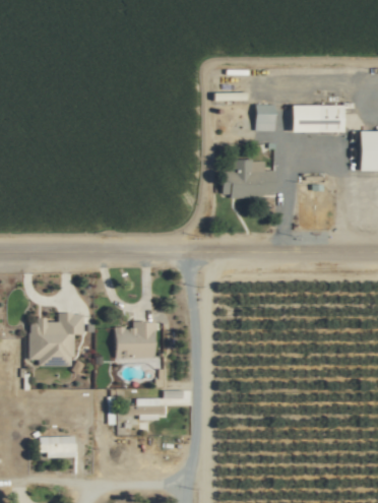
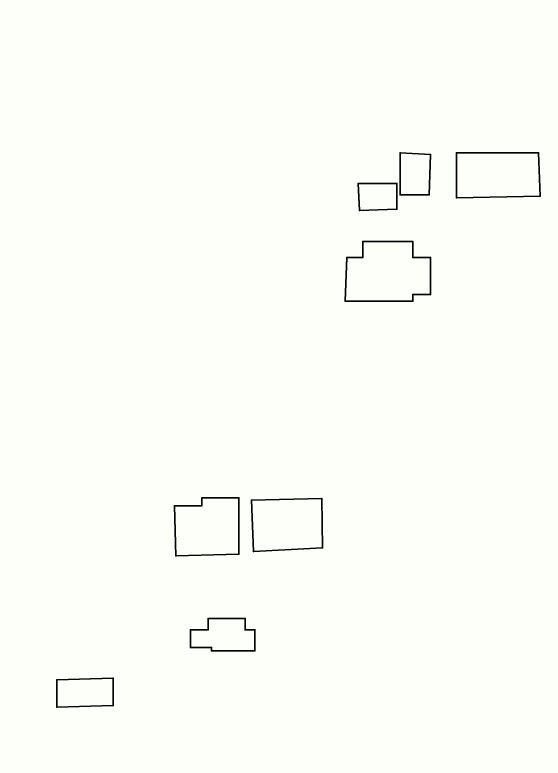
building: none -> [358,184,397,210]
building: [29,313,84,366] -> none
building: none -> [251,499,322,551]

